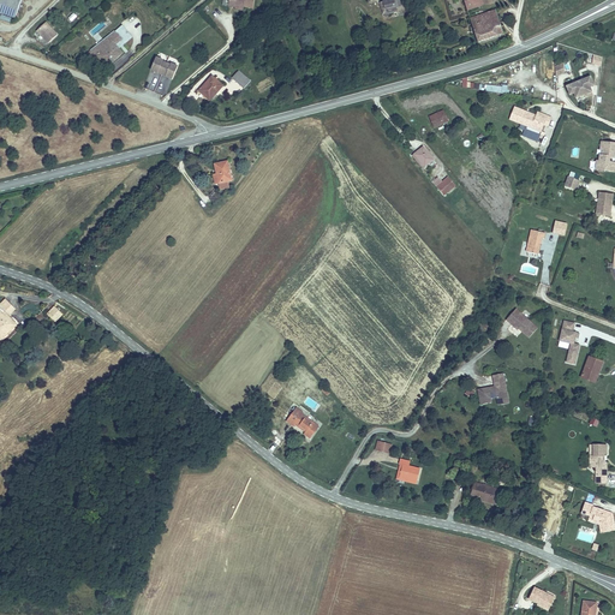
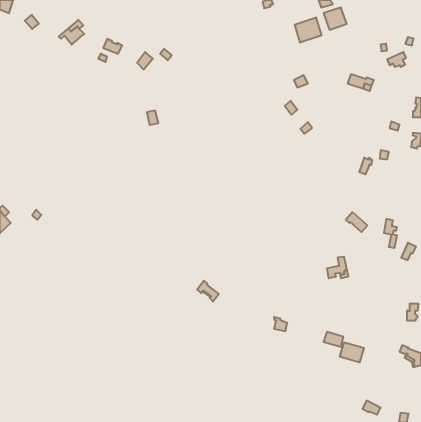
building: none -> [295,17,322,43]
building: none -> [340,342,364,362]

